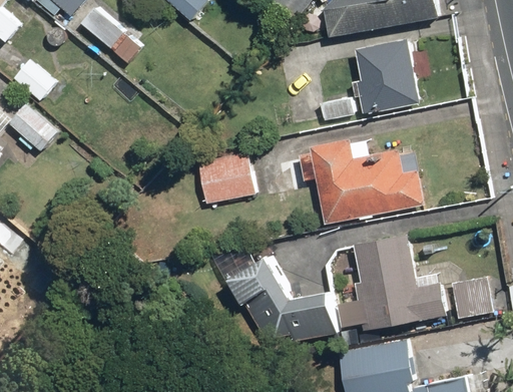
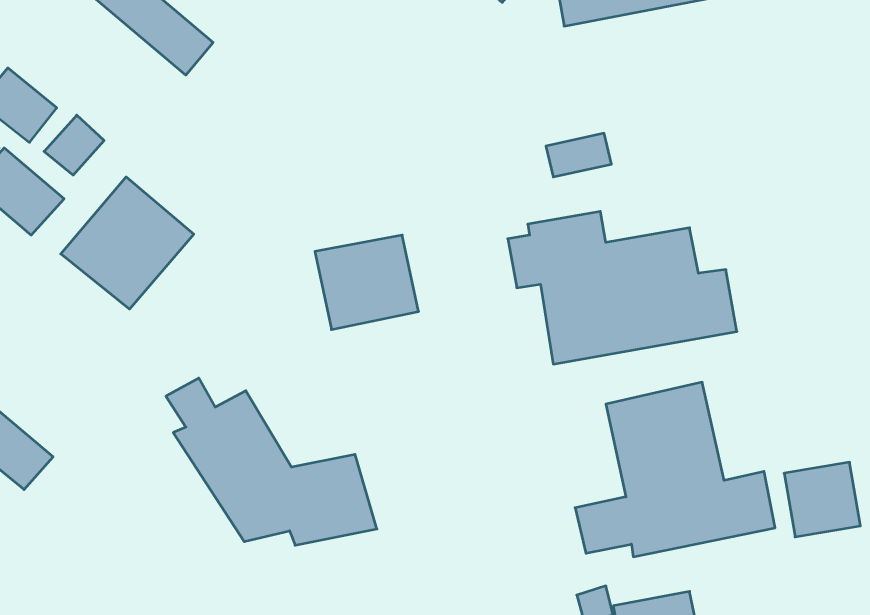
building: [356,40,420,114] -> none
building: none -> [61,177,194,309]
building: [221,249,338,341] -> [166,378,377,545]

